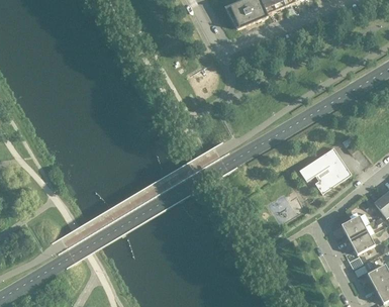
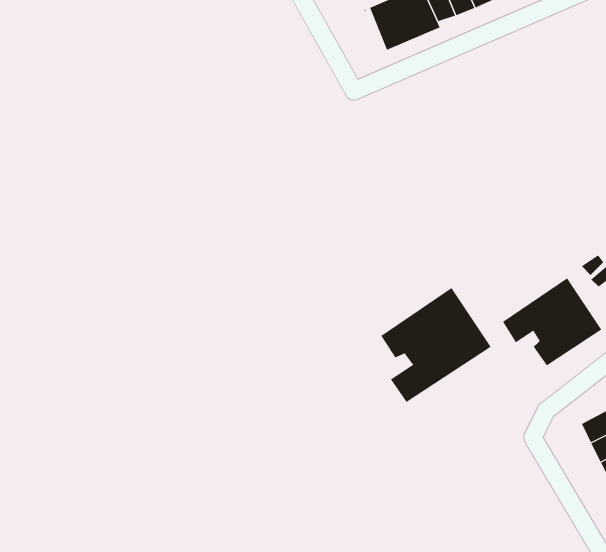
building: none -> [381,287,492,403]

